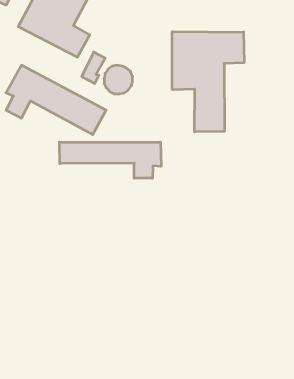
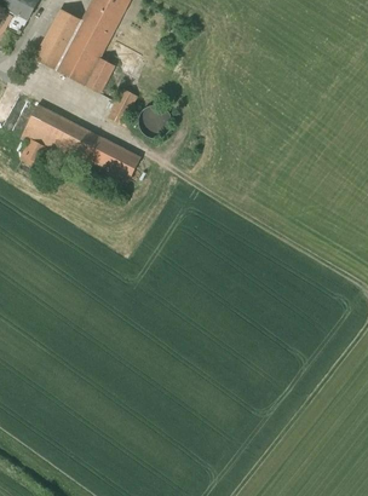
building: [172,32,244,132] -> none
building: [59,142,161,178] -> none

